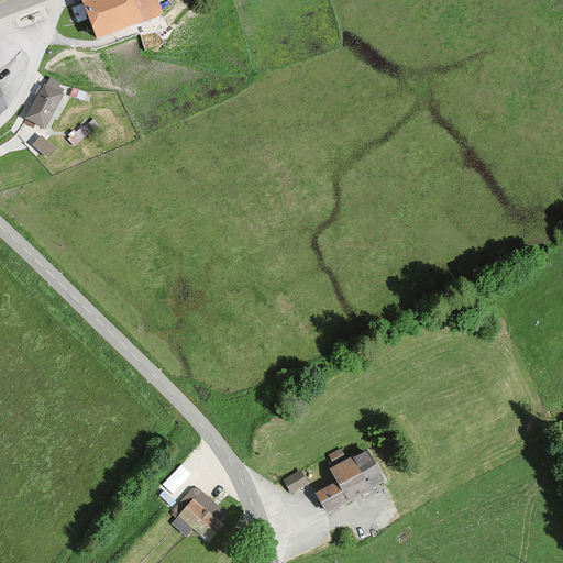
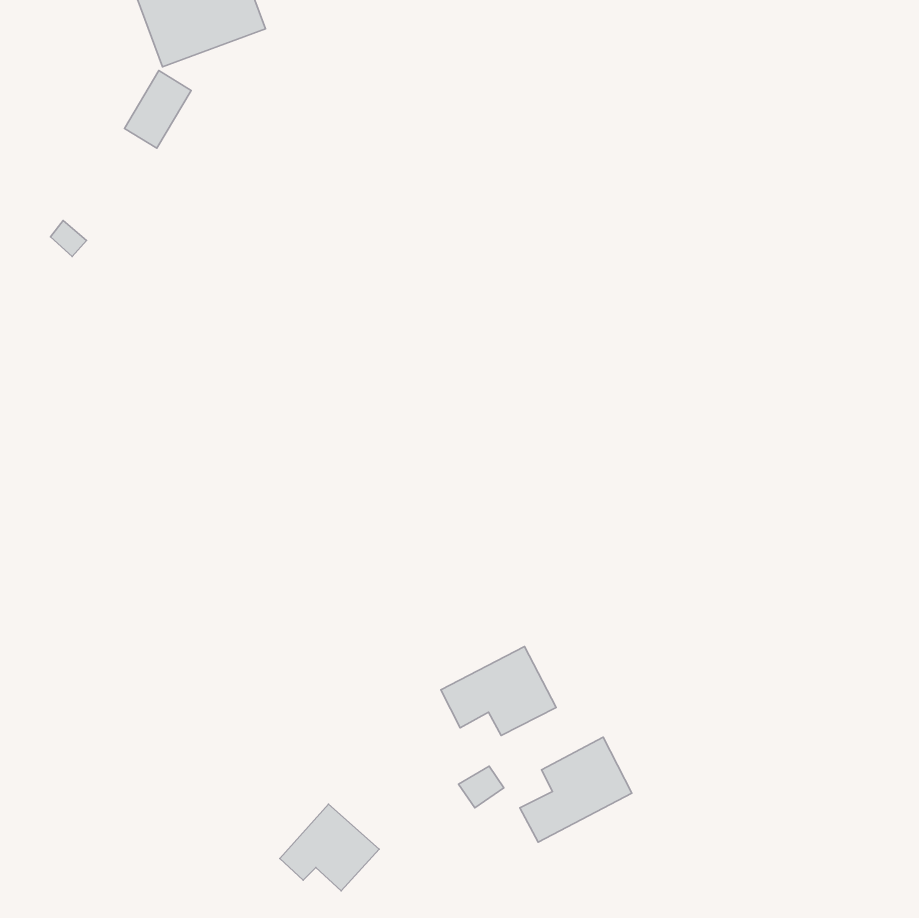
building: [24,81,65,129] -> [124,71,191,148]
building: none -> [441,647,556,736]

